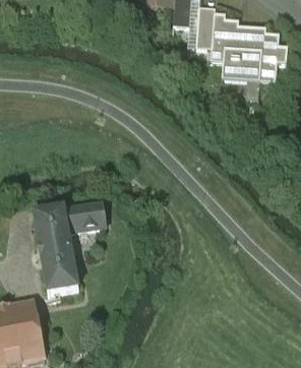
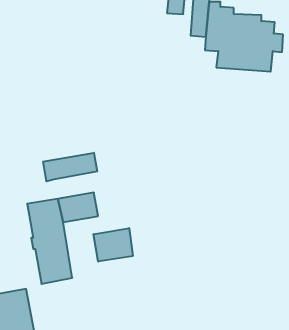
building: none -> [43,153,97,181]
building: none -> [94,228,133,262]

